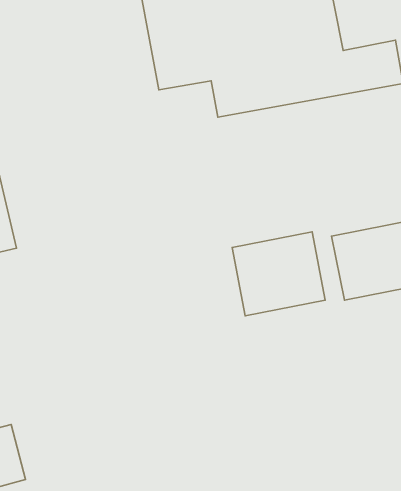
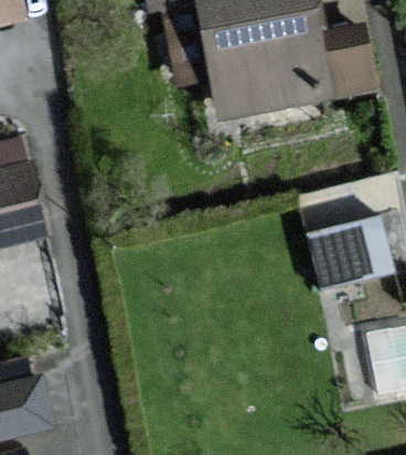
building: [232,232,325,316] -> none

